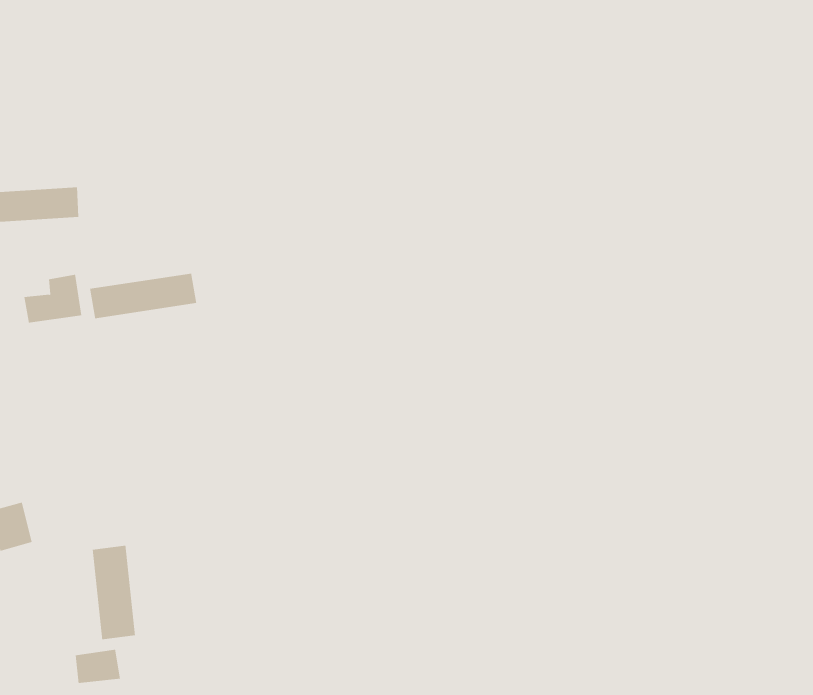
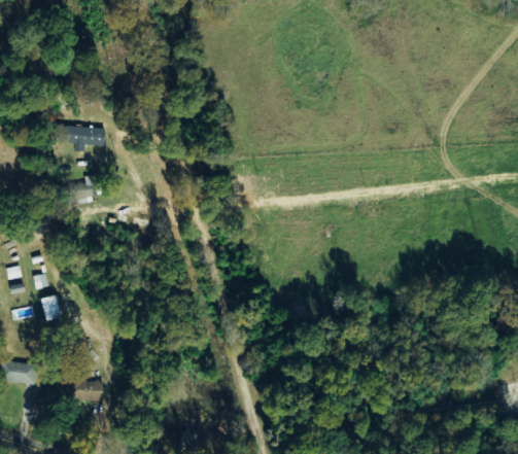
building: [89,273,197,319] -> none
building: [92,545,135,640] -> none

